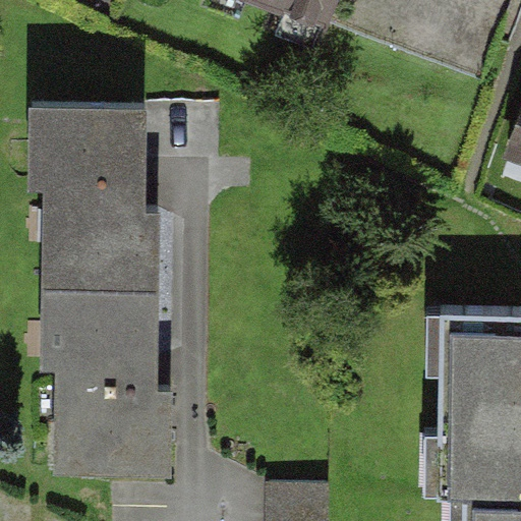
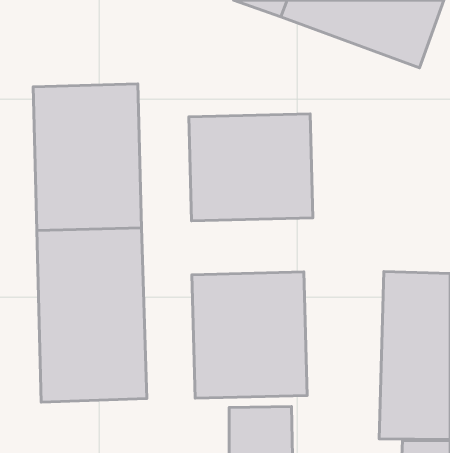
building: none -> [189,114,313,221]
building: none -> [192,272,307,398]

